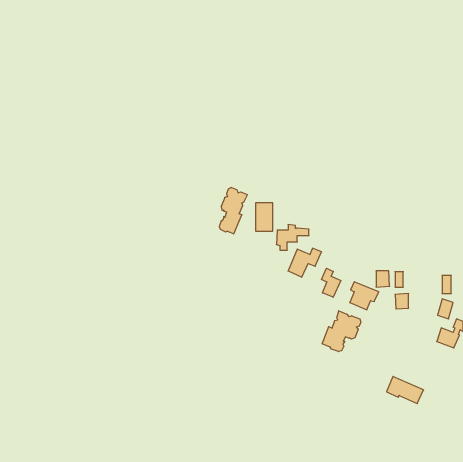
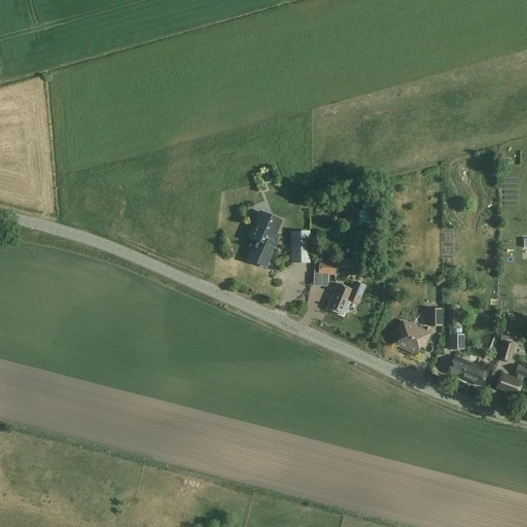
building: [322,268,341,297] -> none
building: [322,311,361,352] -> none
building: [387,376,424,404] -> [447,355,489,386]

